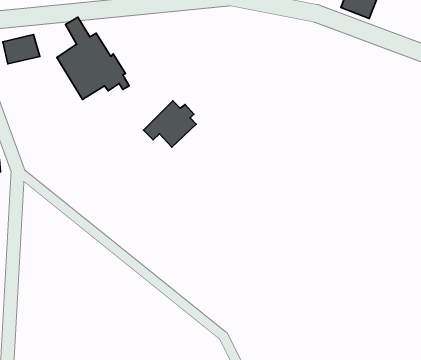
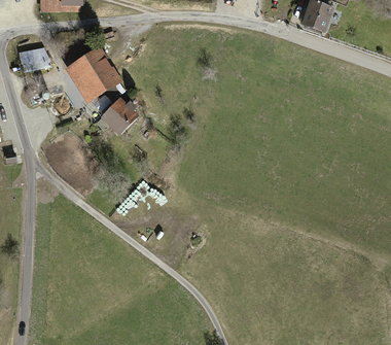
building: [144,101,196,147] -> [94,95,138,134]

